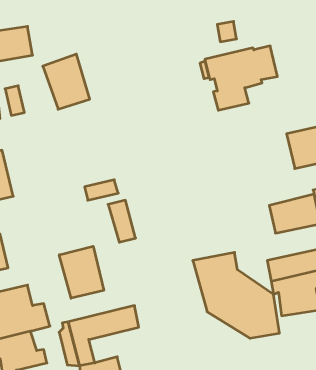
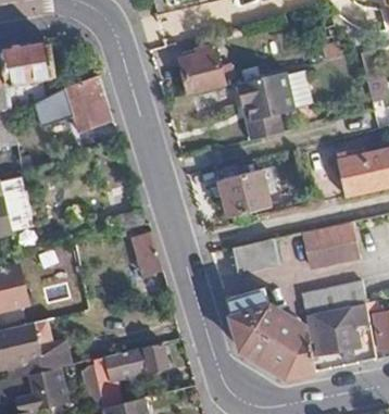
building: none -> [179,46,224,93]
building: none -> [218,172,268,216]
building: none -> [230,238,279,275]
building: [59,246,104,298] -> none

